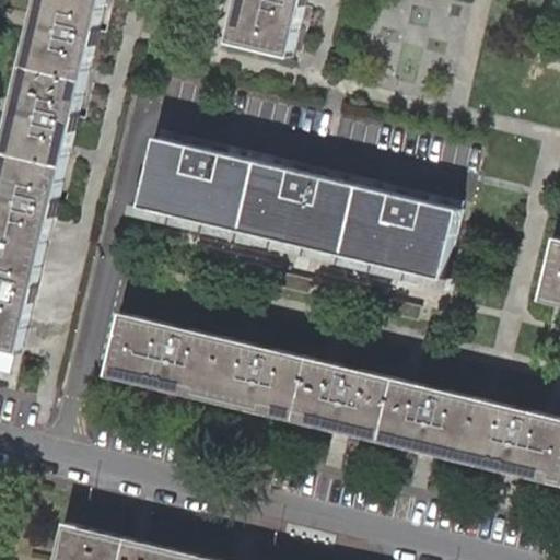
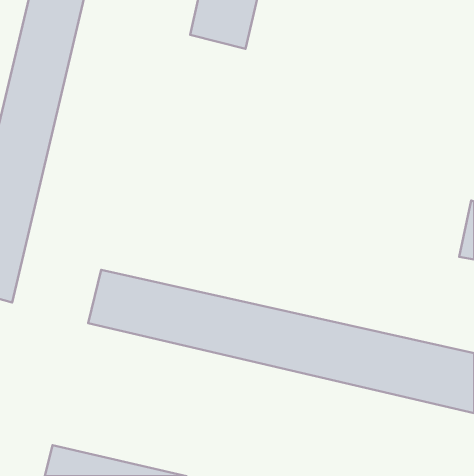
building: [137,143,453,284] -> none

